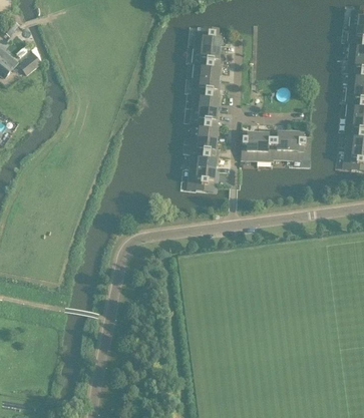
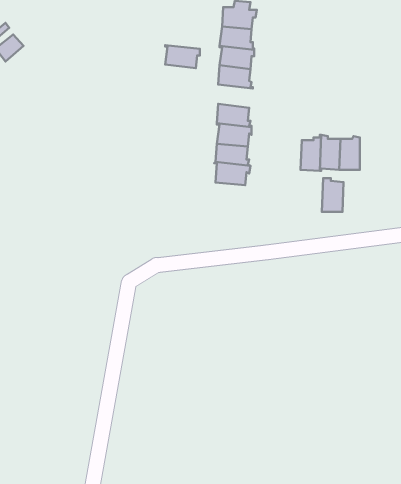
building: [195,91,222,109] -> [165,45,200,68]
building: [243,131,260,157] -> [322,178,344,212]
building: [191,167,217,190] -> none

